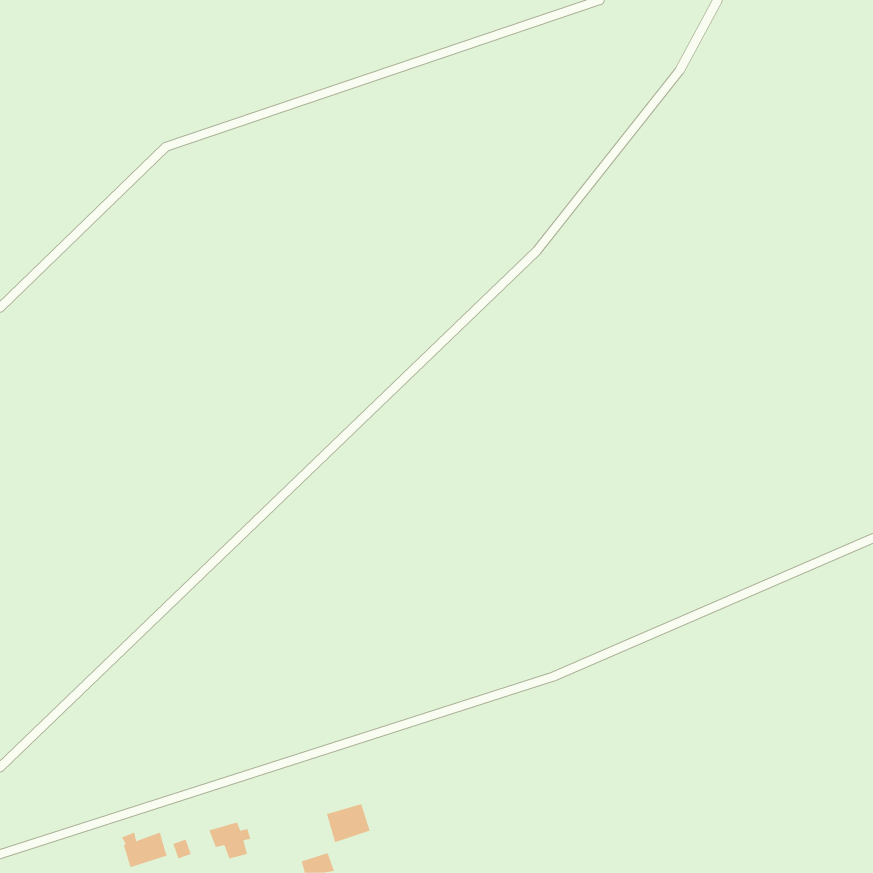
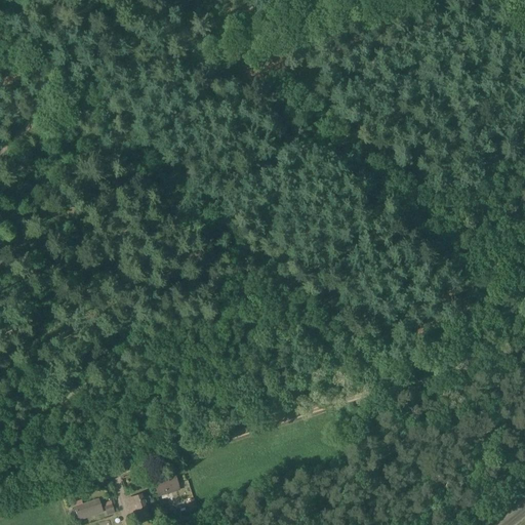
building: [326,803,371,843] -> [153,473,179,496]

